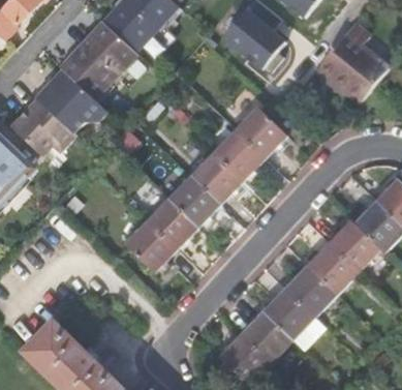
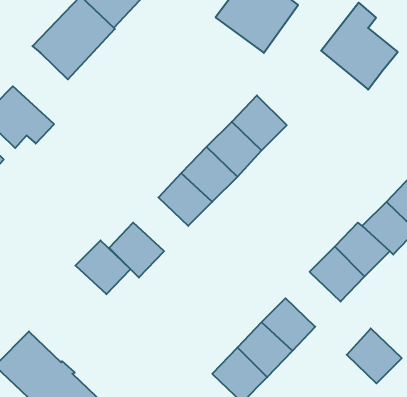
building: [36,70,105,132] -> none
building: [147,201,196,249] -> [75,240,130,294]
building: [284,268,334,318] -> [347,328,402,383]

